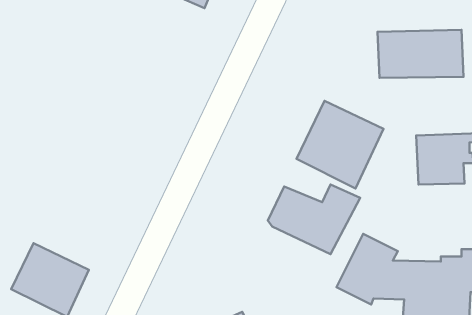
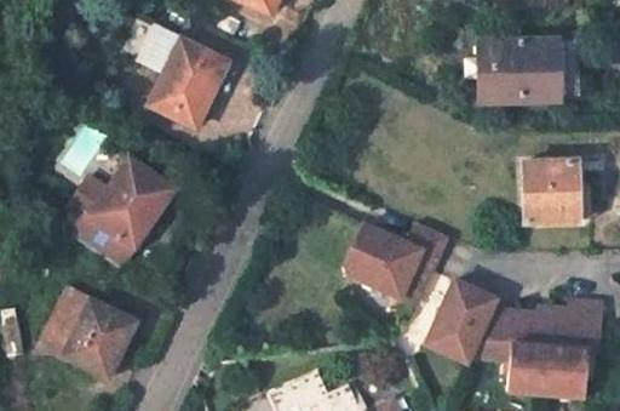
building: none -> [119,15,229,129]
building: [297,101,384,188] -> none
building: none -> [65,160,172,272]

